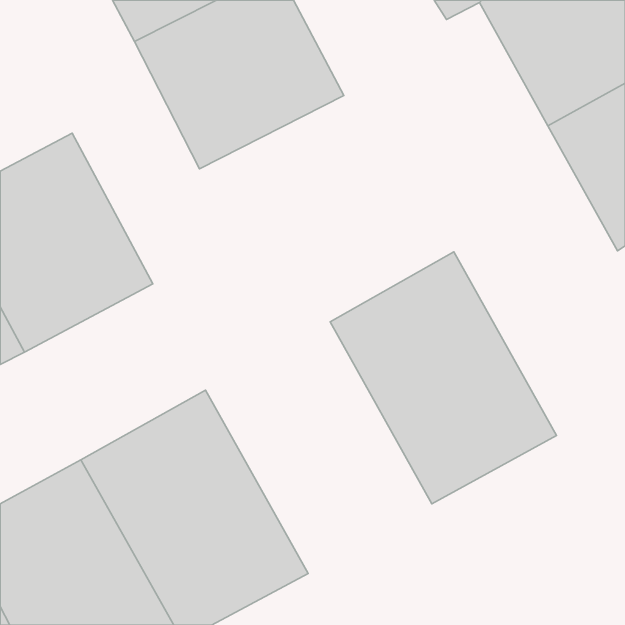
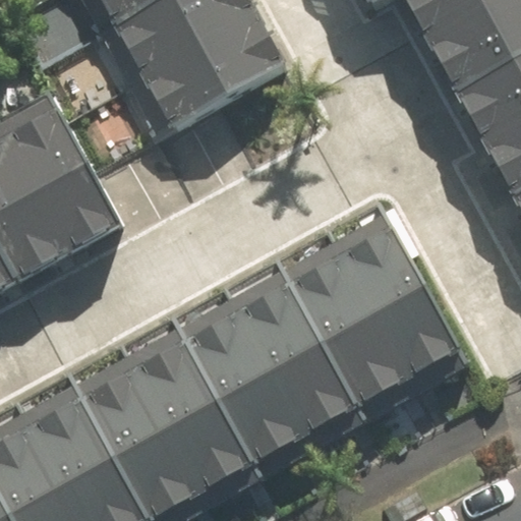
building: none -> [171,268,359,477]

